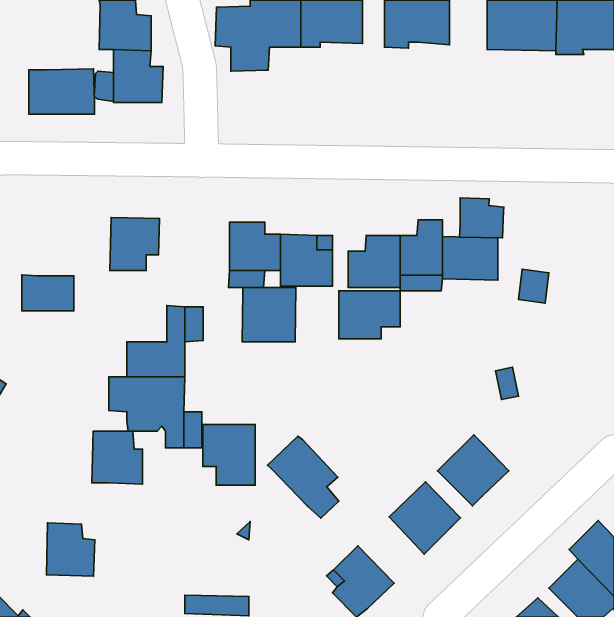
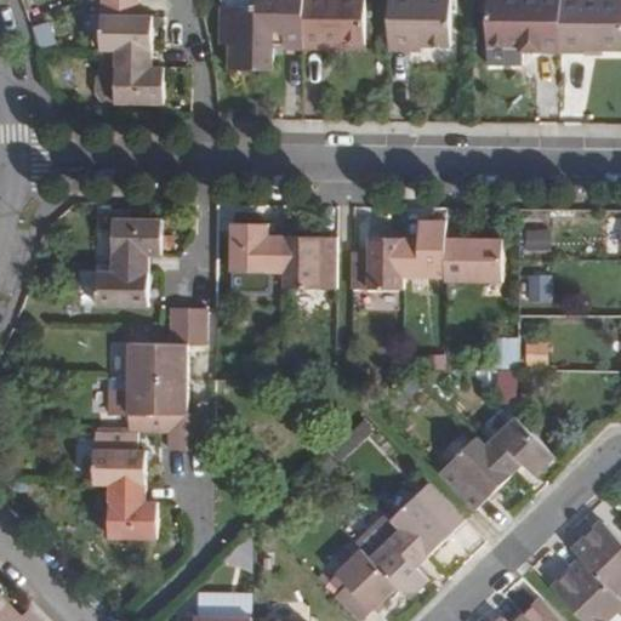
building: [29,69,94,114] -> none
building: [459,198,504,238] -> none
building: [22,275,74,311] -> [95,270,147,307]
building: [242,287,296,342] -> none
building: [339,291,400,339] -> none
building: none -> [485,416,554,475]
building: [203,425,255,485] -> none
building: [268,436,339,518] -> [355,515,427,598]
building: [46,523,95,576] -> [108,485,156,539]

